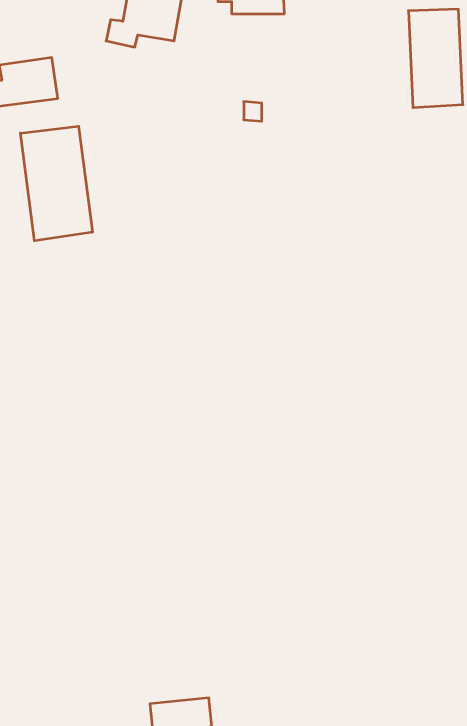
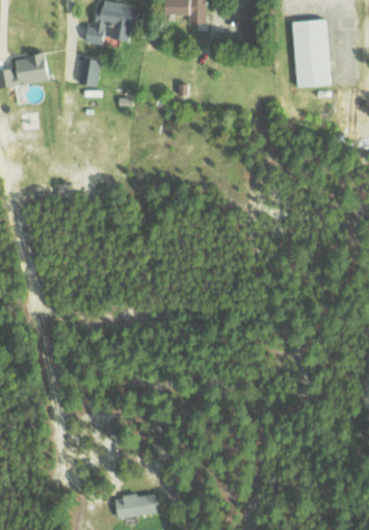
building: none -> [80,58,103,87]
building: [20,126,92,241] -> none

